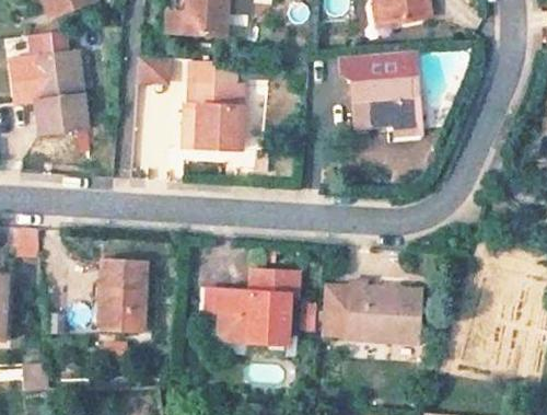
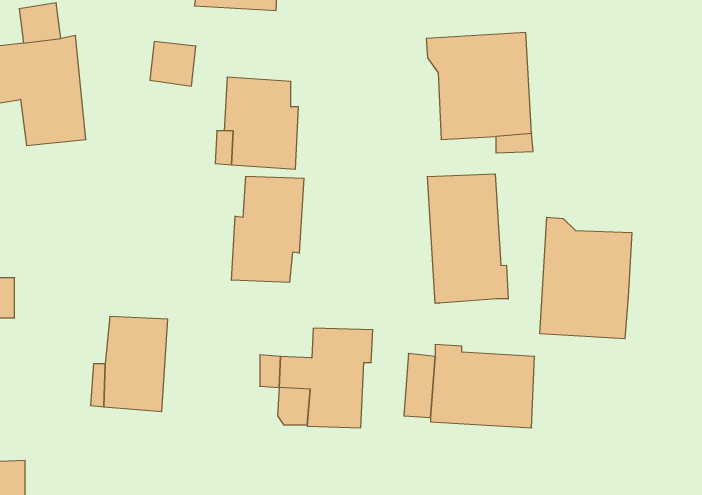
building: [191,59,240,87] -> none
building: none -> [427,174,508,303]
building: none -> [232,176,304,282]
building: none -> [540,217,632,339]

